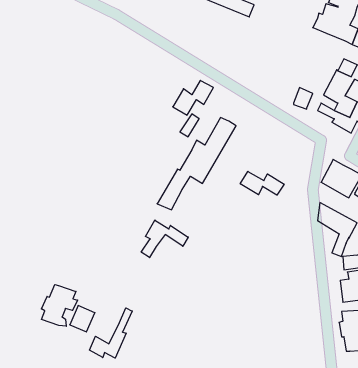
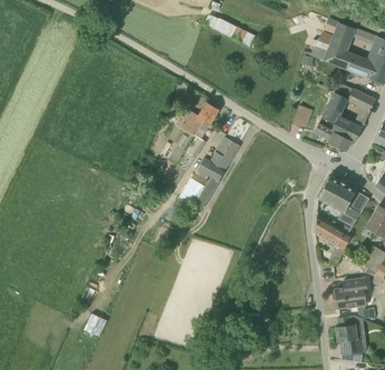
building: [240,171,284,195] -> none
building: [141,220,188,258] -> none
building: [41,285,78,326] -> none
building: [90,308,132,358] -> none

